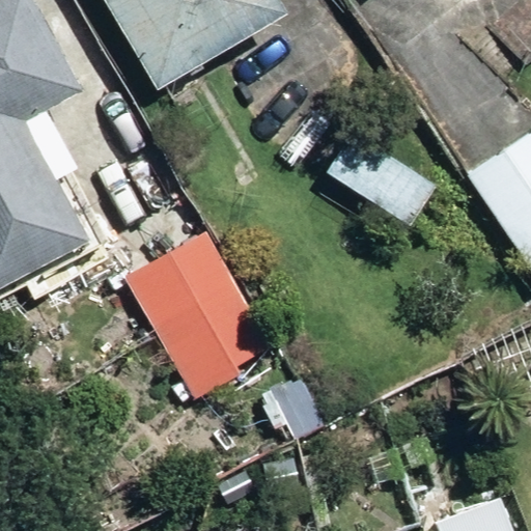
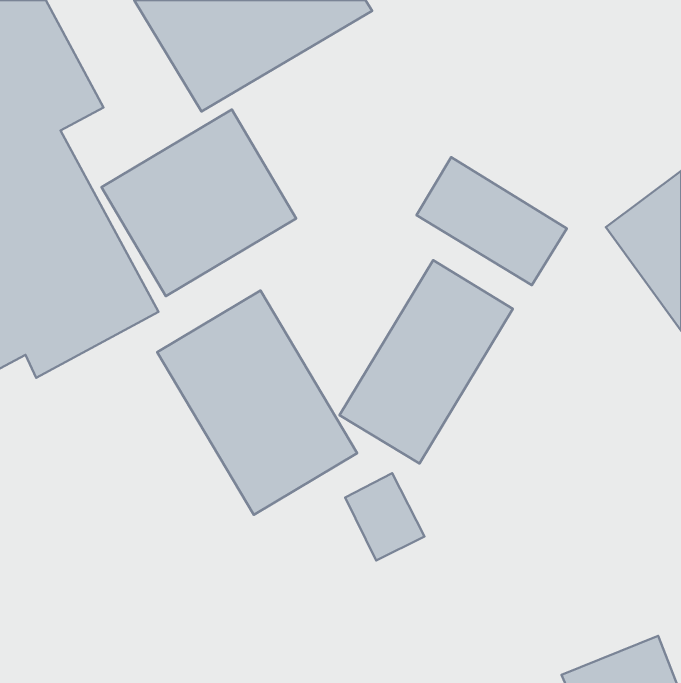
building: none -> [101,110,296,296]
building: none -> [340,260,513,464]

